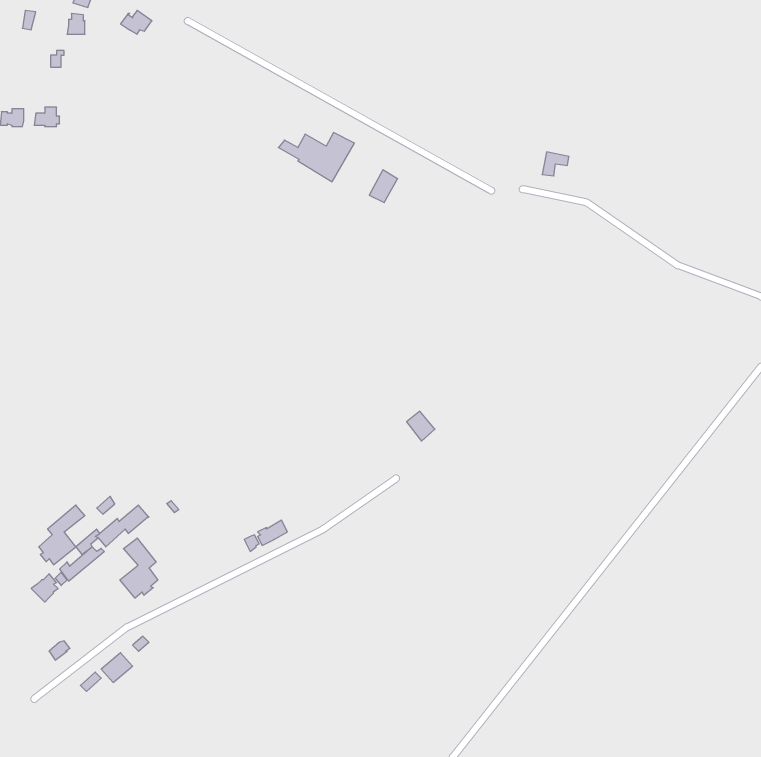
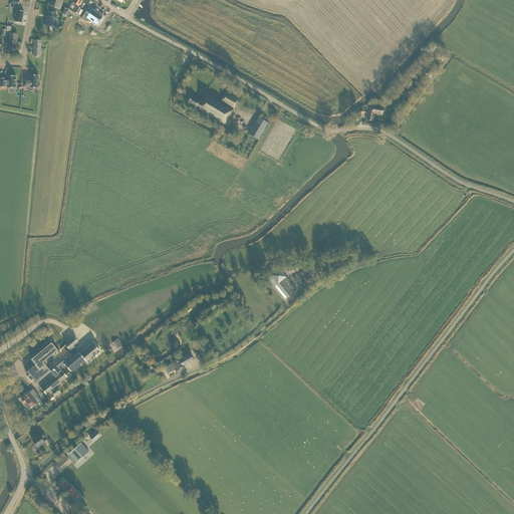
building: [120,538,158,598] -> none

